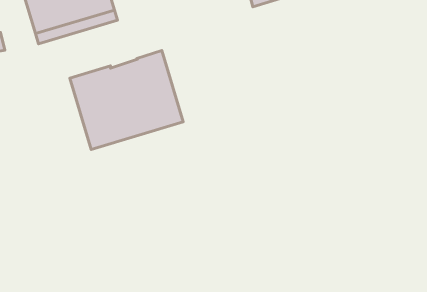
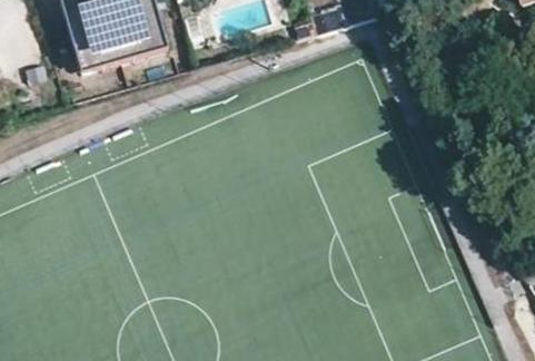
building: [70,51,183,149] -> none

